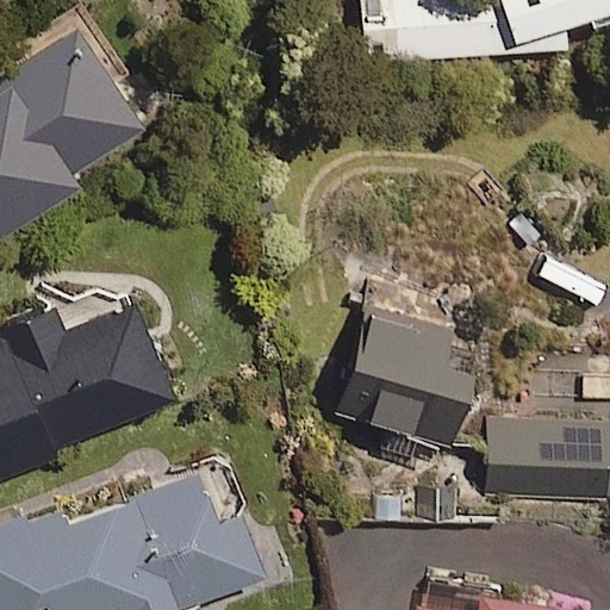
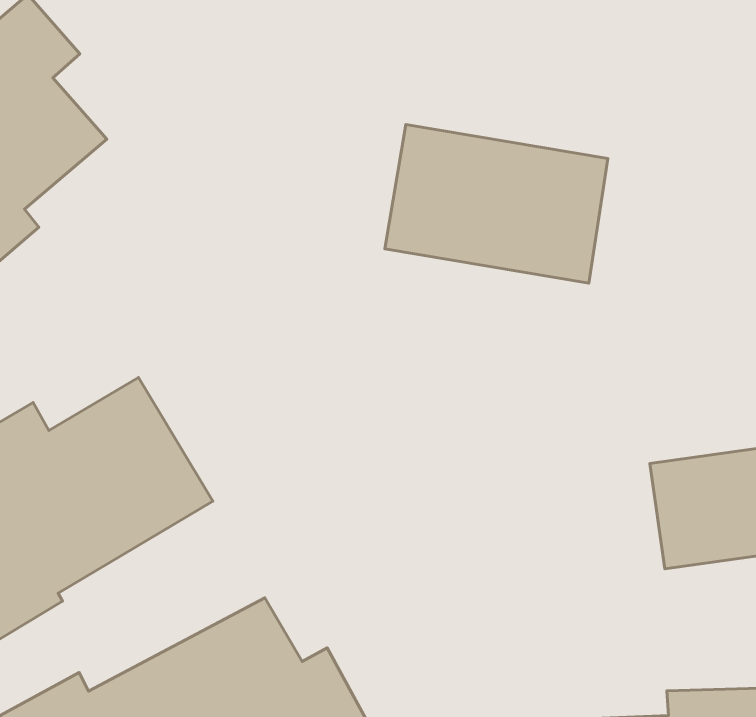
building: none -> [385,124,608,283]
building: [336,316,481,450] -> none

